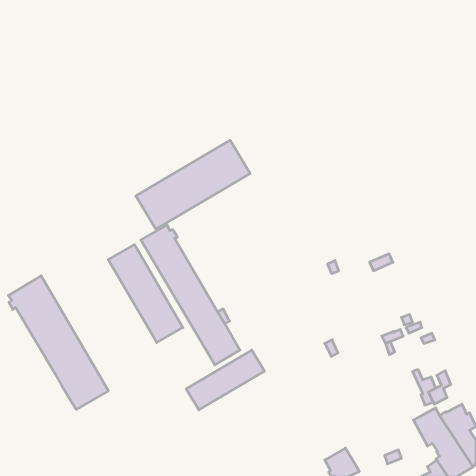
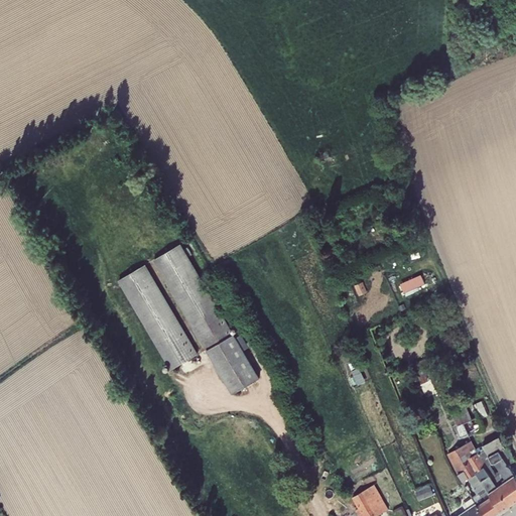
building: [136,140,250,229] -> none
building: [8,276,108,409] -> none
building: [186,350,264,410] -> none

